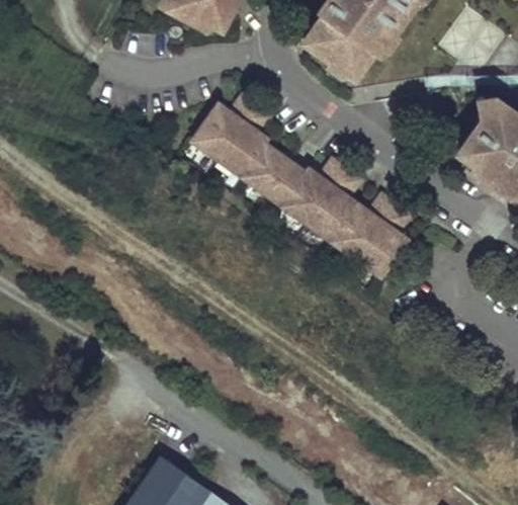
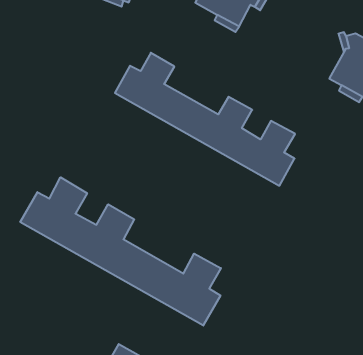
building: none -> [20,177,221,326]

